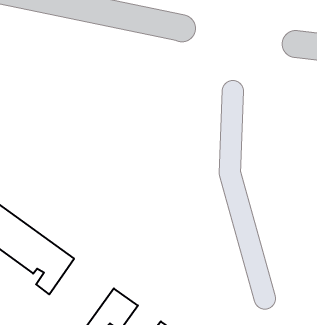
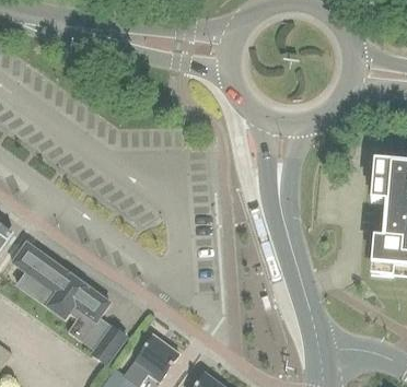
building: none -> [81,315,126,363]

